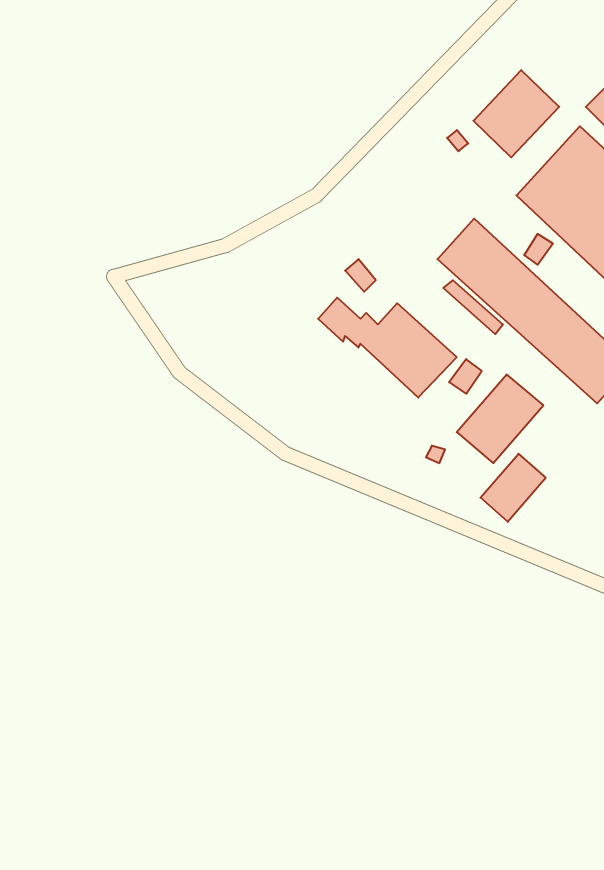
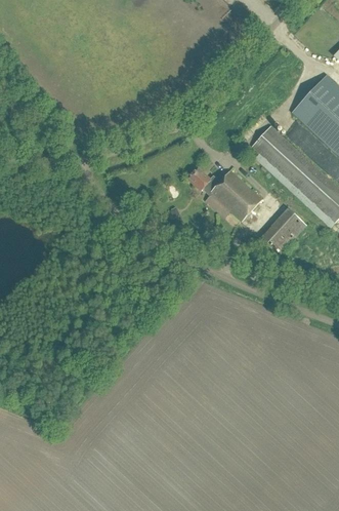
building: [473,70,559,157] -> none
building: [480,454,546,522] -> none

